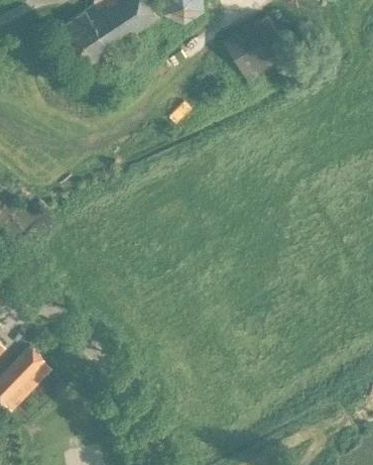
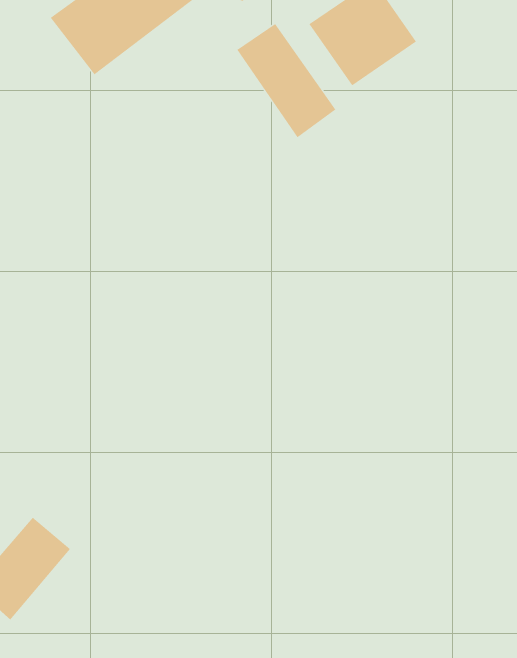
building: none -> [237,23,336,138]

